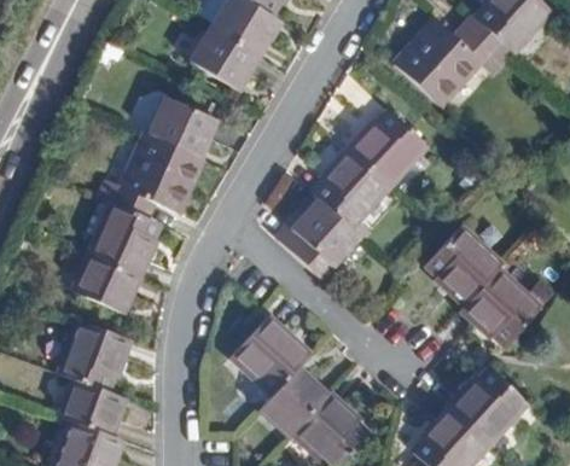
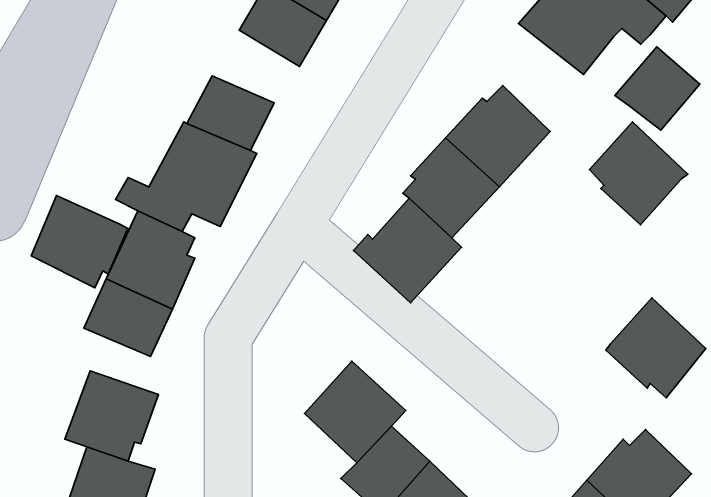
building: none -> [615,47,700,130]
building: none -> [31,196,128,288]
building: [431,226,506,304] -> [590,122,688,225]

